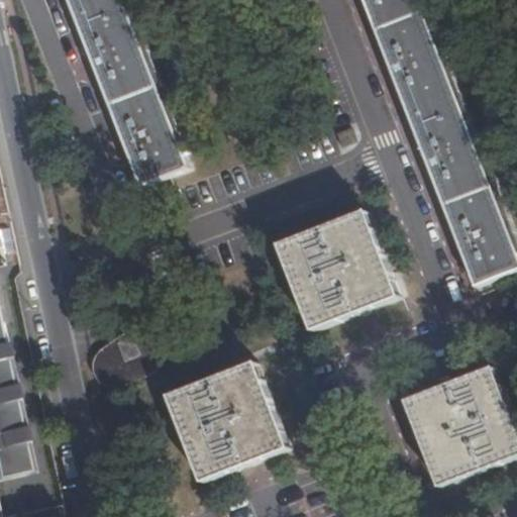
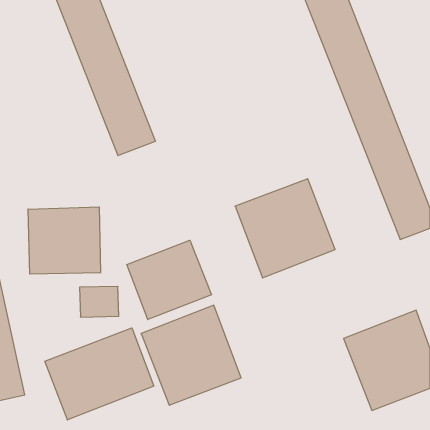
building: none -> [28,207,101,274]
building: none -> [127,240,211,320]
building: none -> [45,328,154,420]

